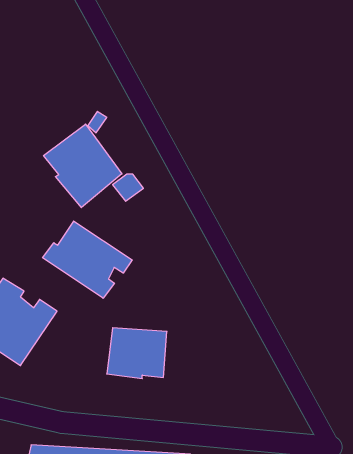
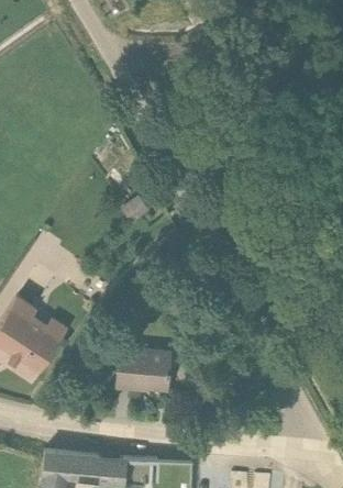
building: [44,124,122,208] -> none
building: [43,221,132,298] -> none

